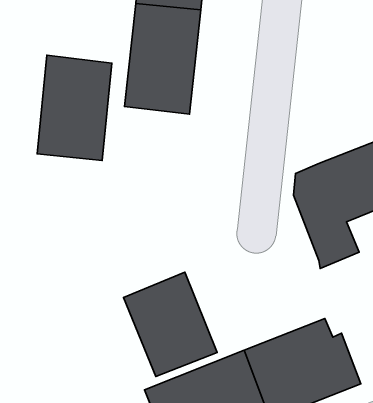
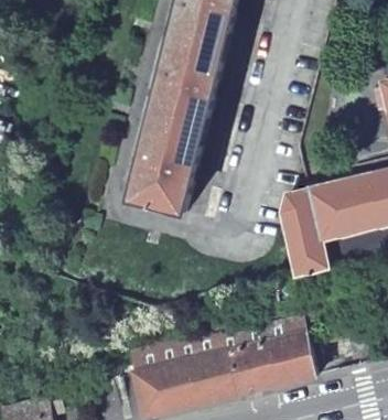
building: [37,55,112,160] -> [129,119,202,213]
building: [124,272,217,376] -> none

